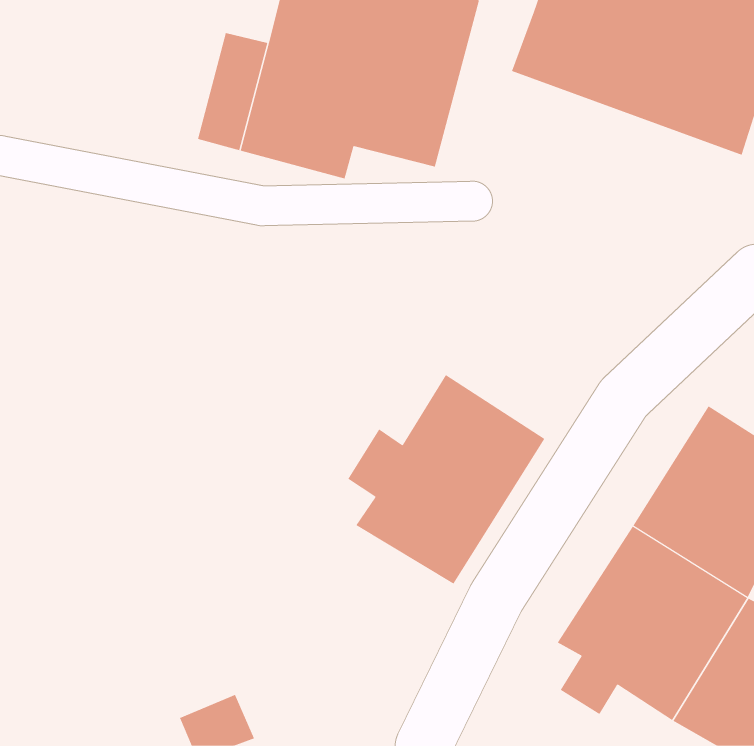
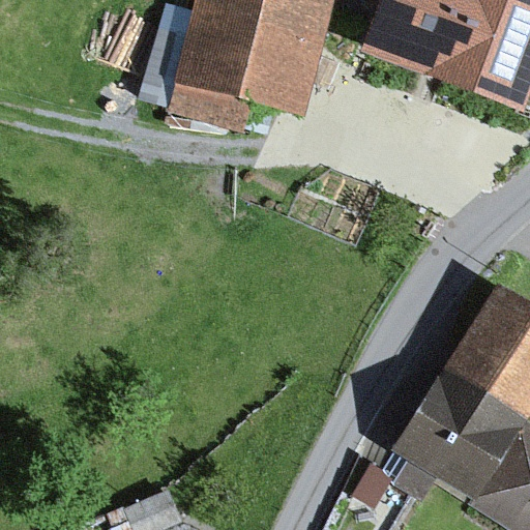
building: [347,374,545,585] -> none

